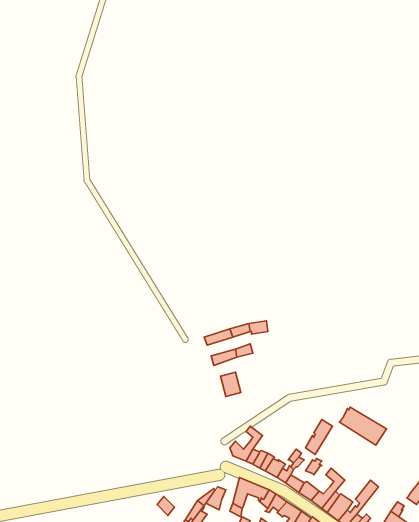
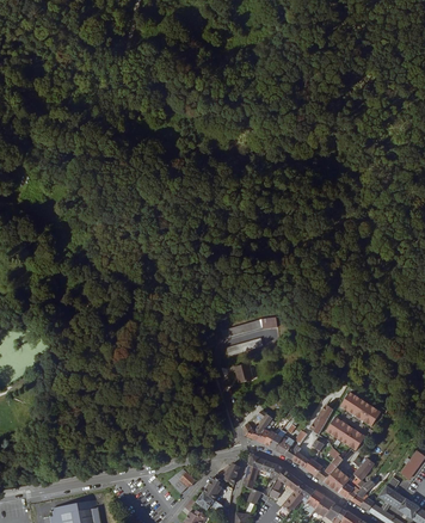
building: none -> [326,417,367,451]

